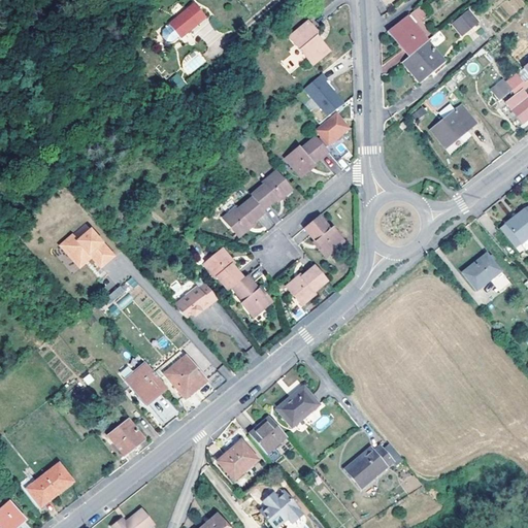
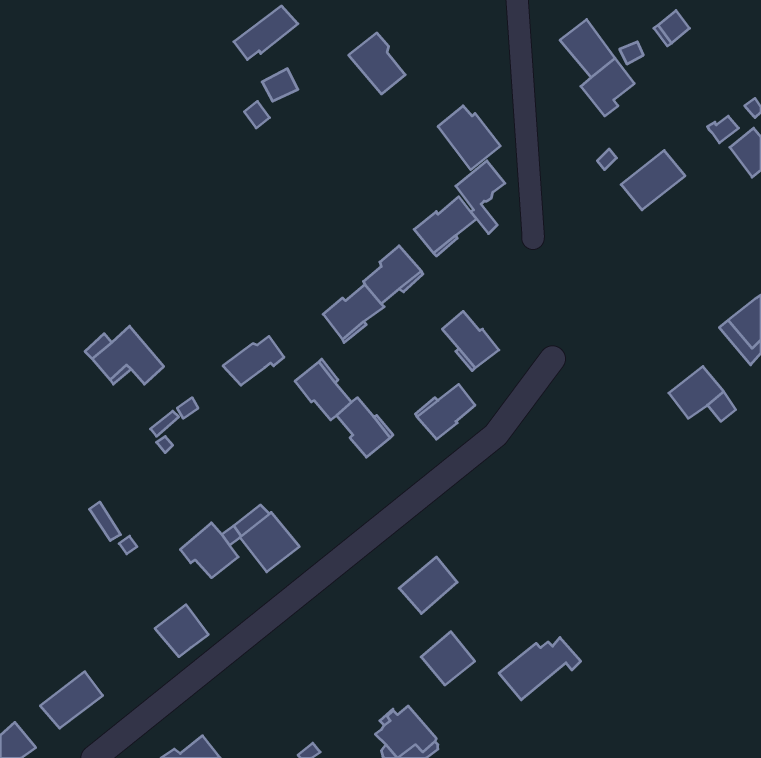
building: [290,22,329,64] -> [349,33,405,94]
building: [173,282,216,316] -> [223,336,284,385]
building: [249,415,286,452] -> [421,632,475,685]
building: [218,440,257,478] -> none

